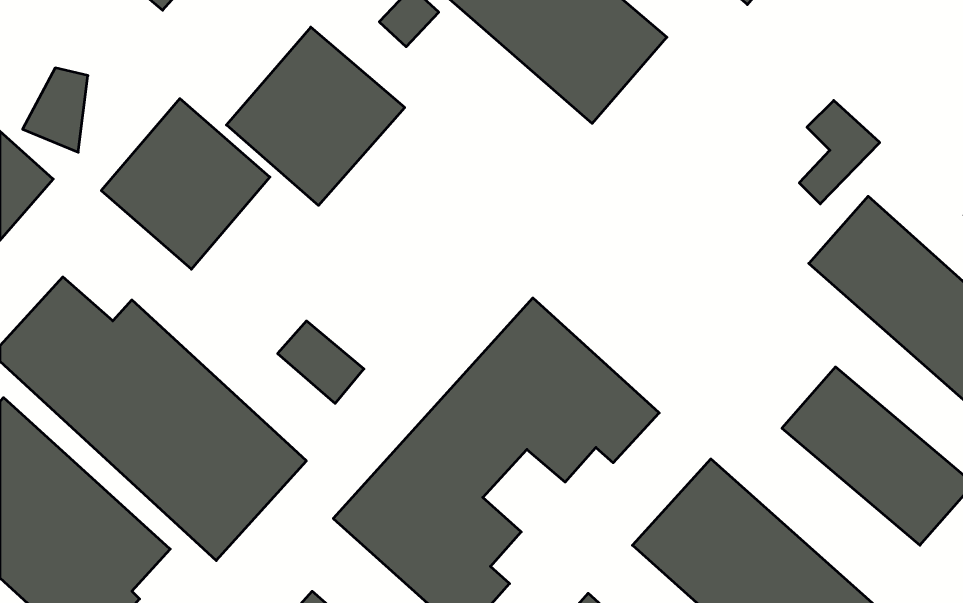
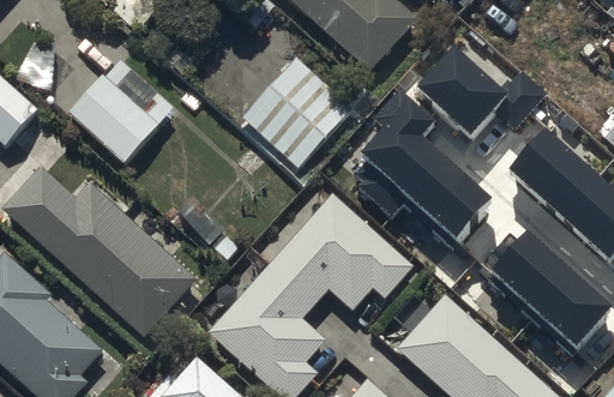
building: [226,27,405,205] -> [241,66,353,178]
building: none -> [415,43,504,131]
building: none -> [359,98,489,235]

